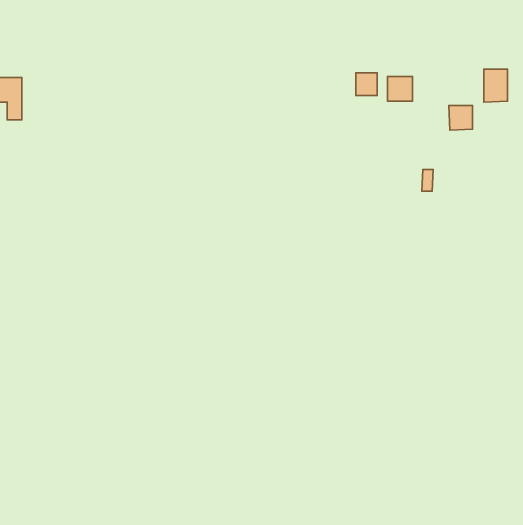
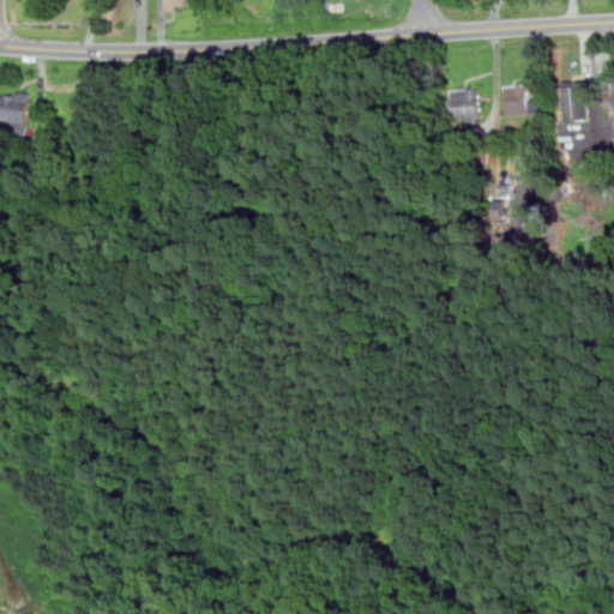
building: [356,73,377,96] -> none
building: [449,105,473,130] -> [502,88,530,116]

